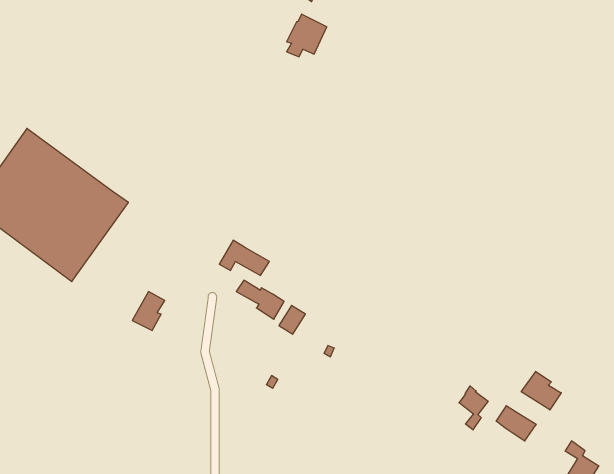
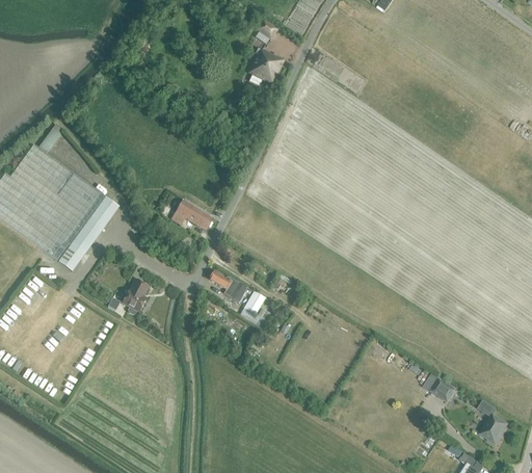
building: [219,240,269,275] -> [170,200,212,229]
building: [521,371,561,410] -> none
building: [459,386,488,430] -> none

